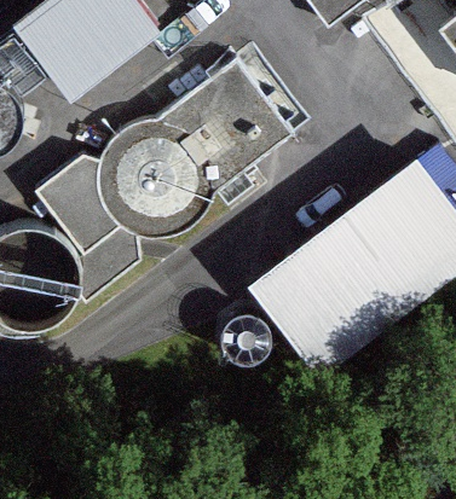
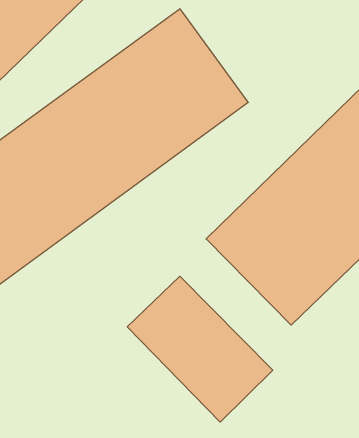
building: none -> [127,276,273,422]

